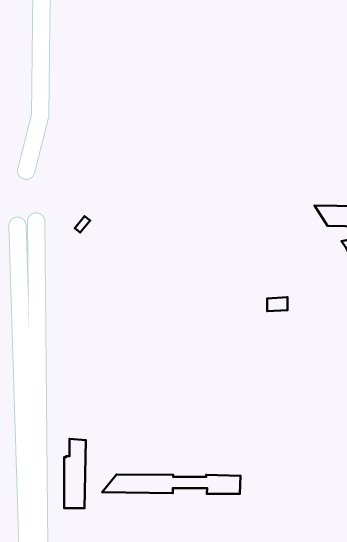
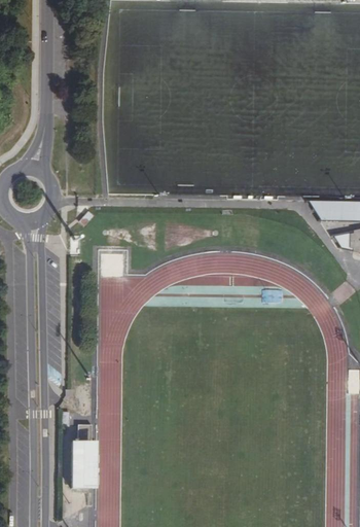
building: [102,475,240,494] -> none

